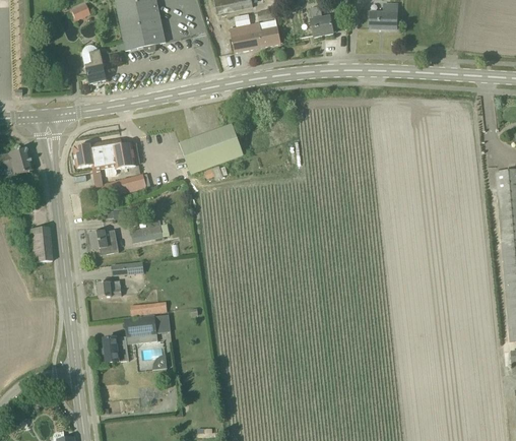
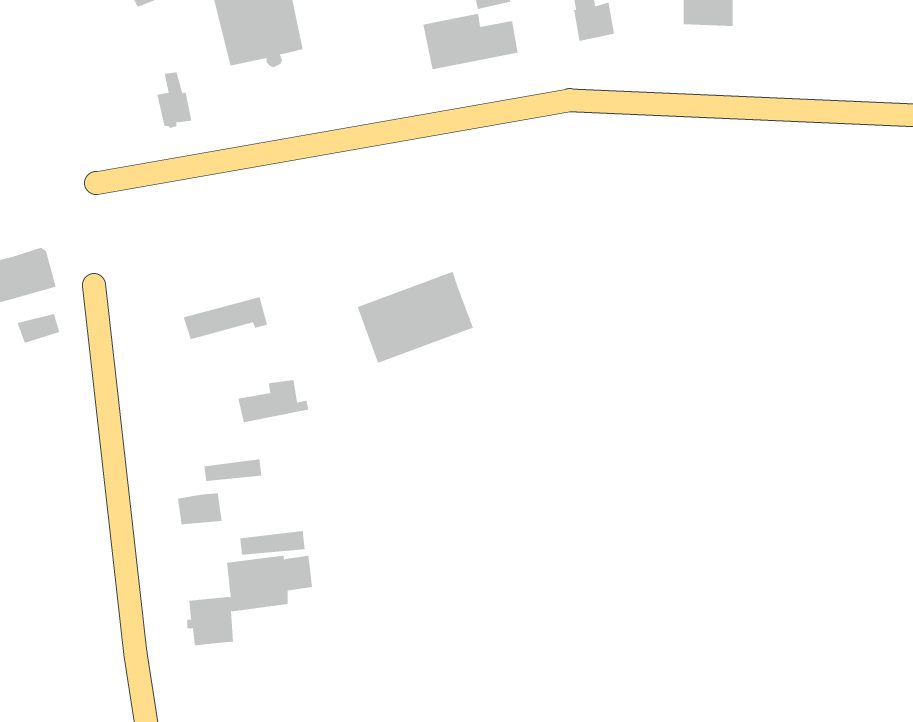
building: [181,123,244,173] -> [357,271,474,364]
building: [74,137,137,169] -> none
building: [27,226,53,261] -> none
building: [90,230,120,254] -> none

